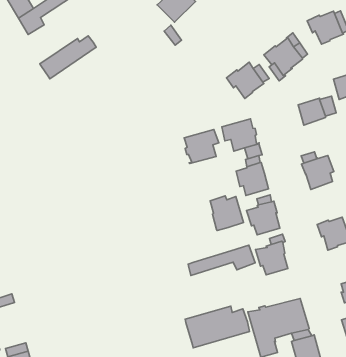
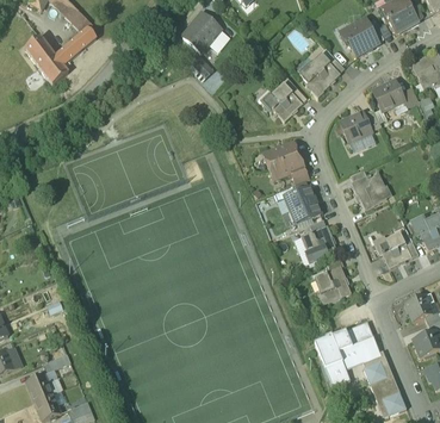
building: [40,36,96,79] -> none
building: [184,129,219,164] -> none
building: [210,196,243,230] -> none
building: [188,245,255,275] -> none
building: [185,306,249,348] -> none

